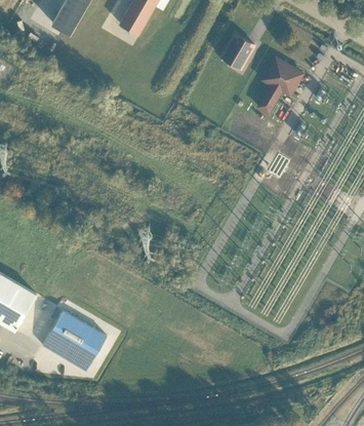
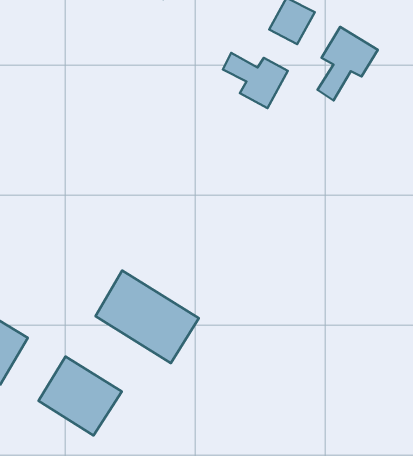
building: none -> [223,53,288,108]
building: none -> [95,271,199,363]

